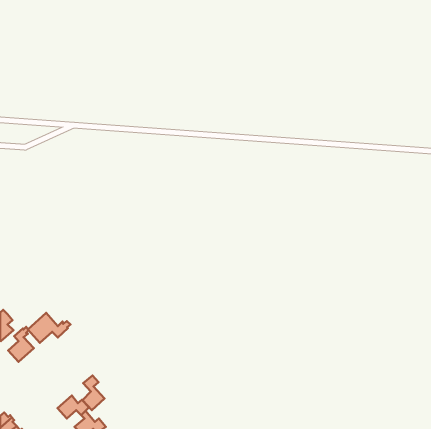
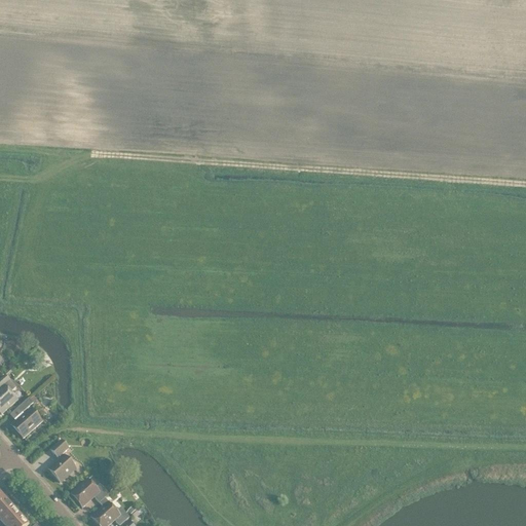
building: [28,313,70,343] -> none
building: [82,375,104,410] -> [49,441,76,483]

